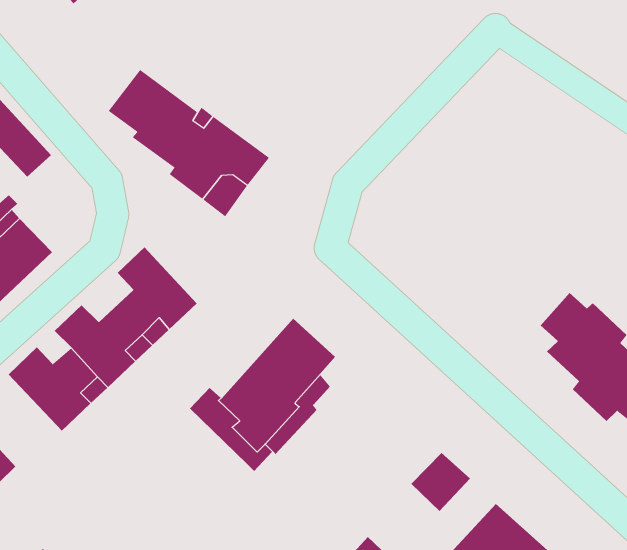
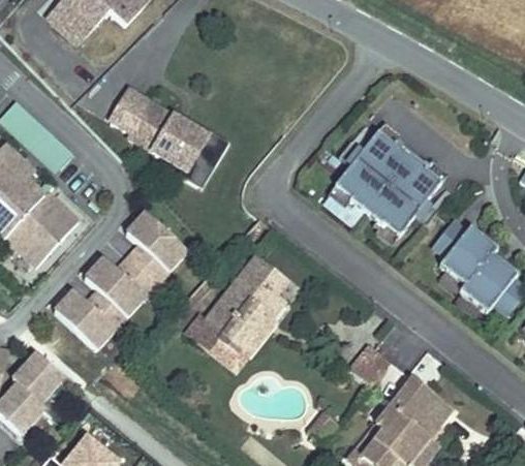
building: none -> [336,131,442,236]

